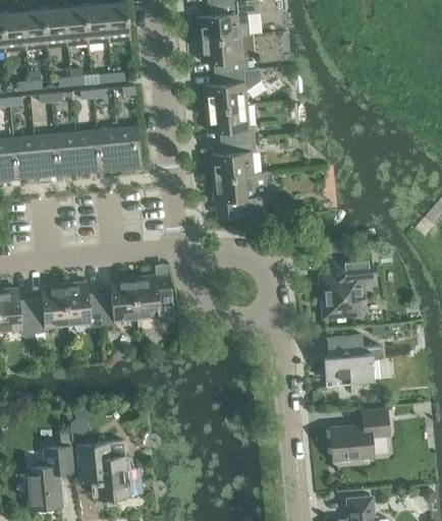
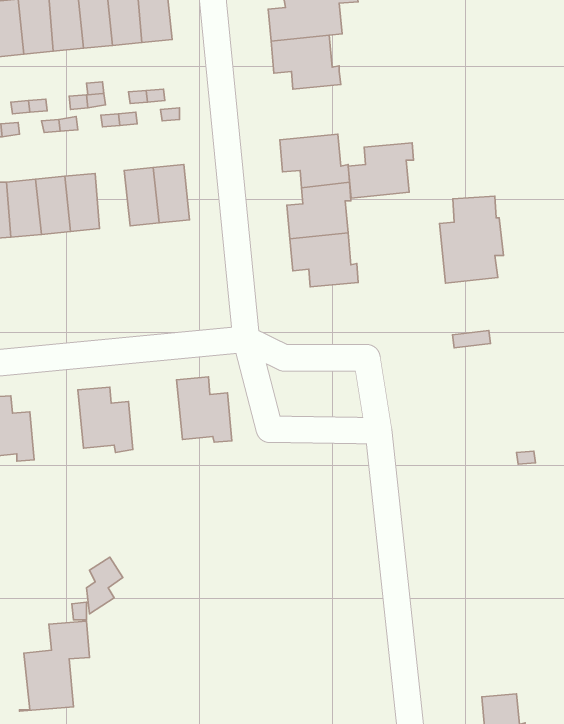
building: [204,70,250,109] -> [348,143,414,198]
building: [76,130,101,171] -> none
building: [320,256,365,317] -> [440,196,504,283]
building: [100,277,137,326] -> none
building: [31,284,68,333] -> none
building: [324,335,380,383] -> none
building: [330,409,390,459] -> none
building: [76,443,137,499] -> none

